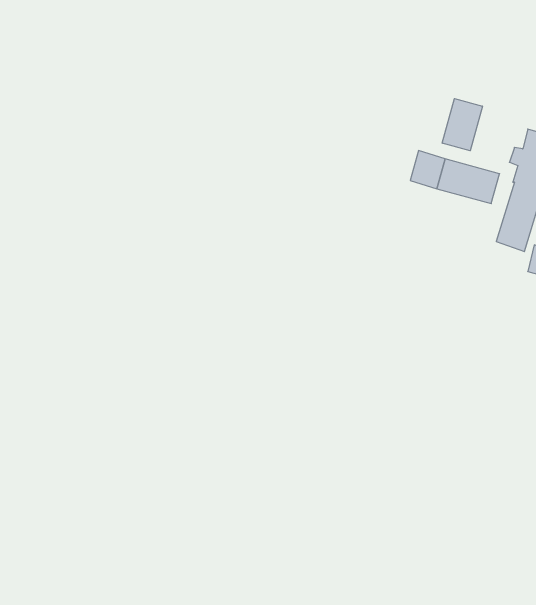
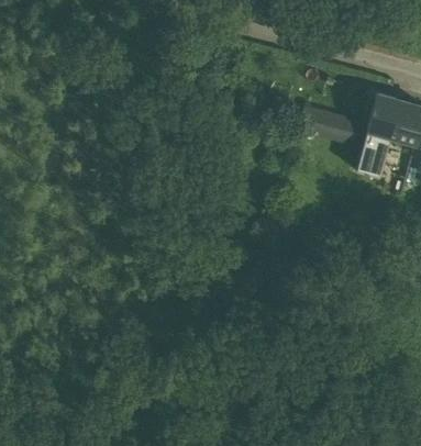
building: [442,99,482,151] -> none

